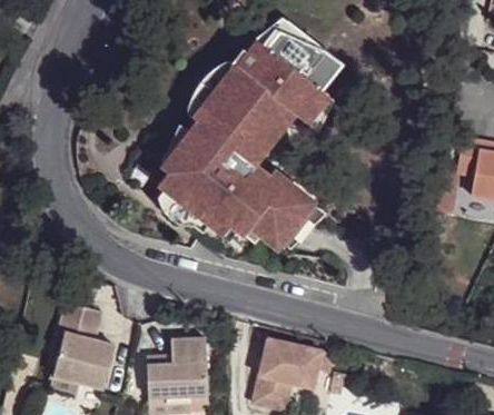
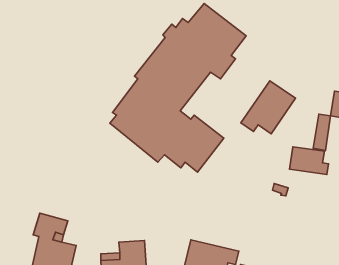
building: none -> [241,81,295,134]
building: none -> [289,147,328,175]

